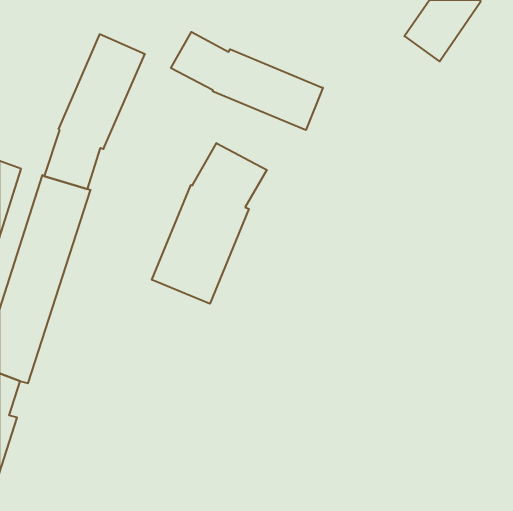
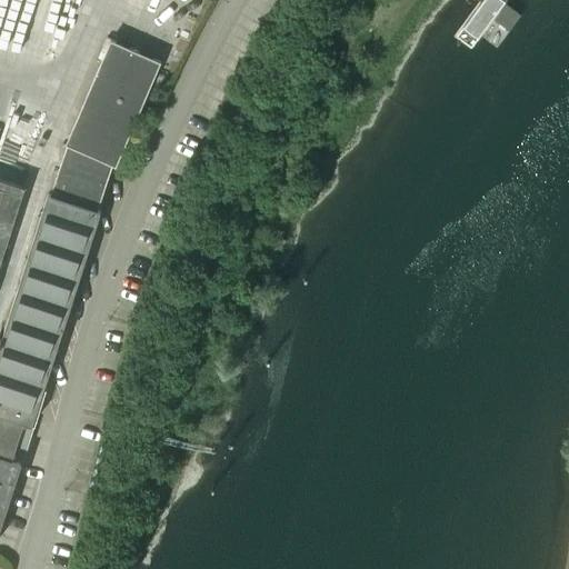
building: [171,32,323,130] -> none
building: [152,143,267,304] -> none

